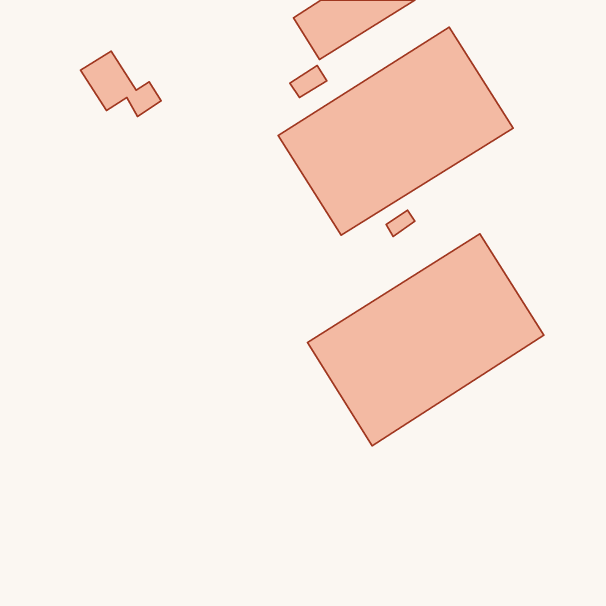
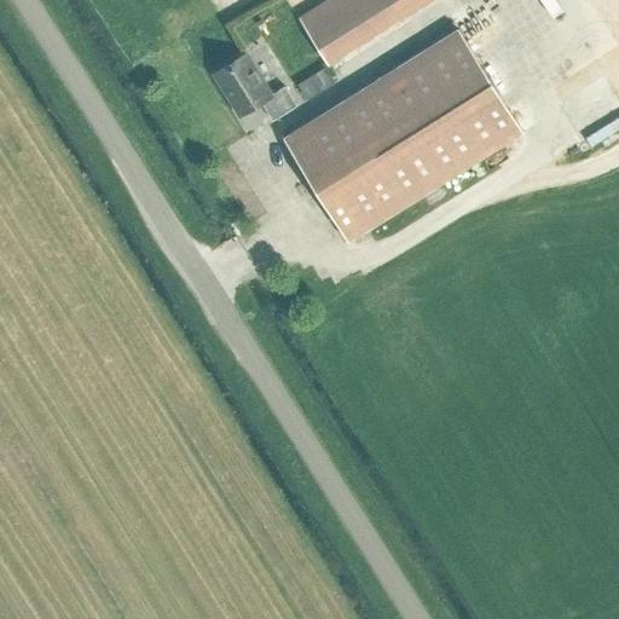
building: [80,51,161,116] -> [213,54,295,121]
building: [307,234,544,446] -> none

